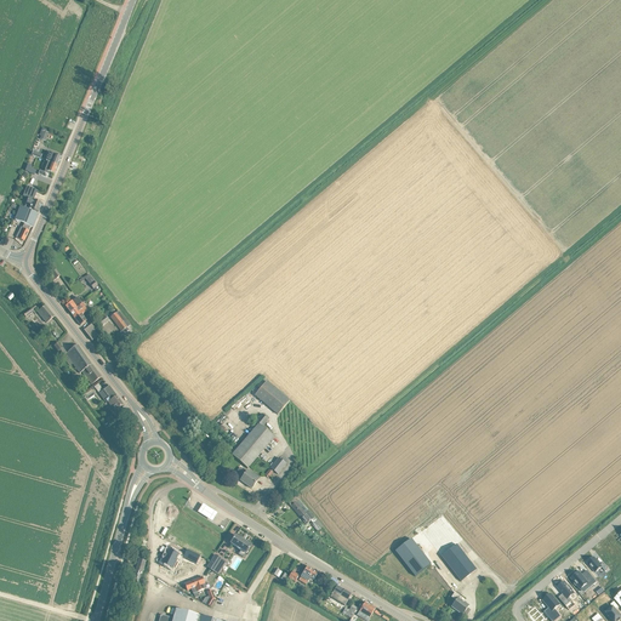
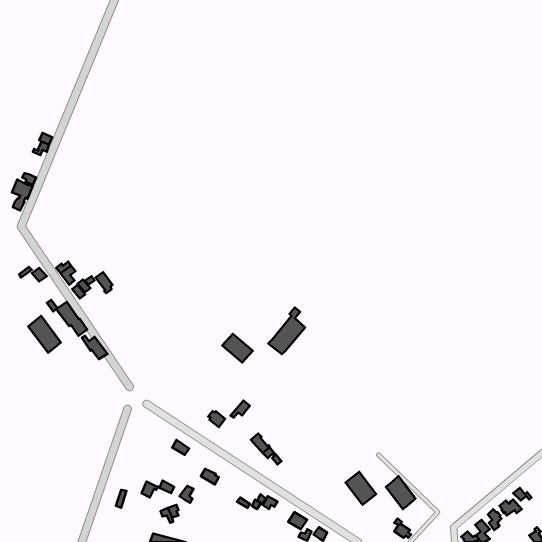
building: none -> [28,316,61,353]
building: [230,414,273,467] -> [268,307,305,354]

